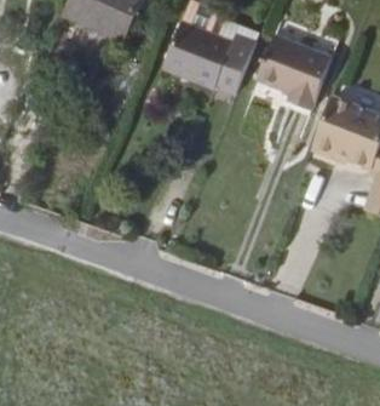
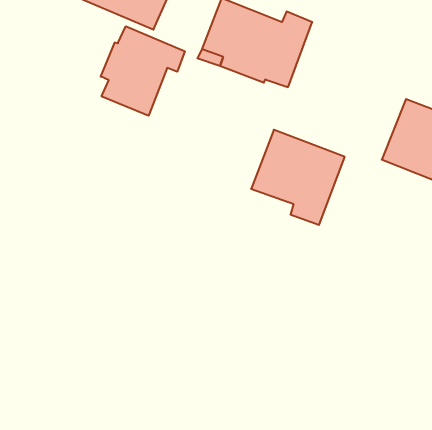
building: [255,30,330,107] -> [251,130,345,225]
building: none -> [101,26,185,116]

